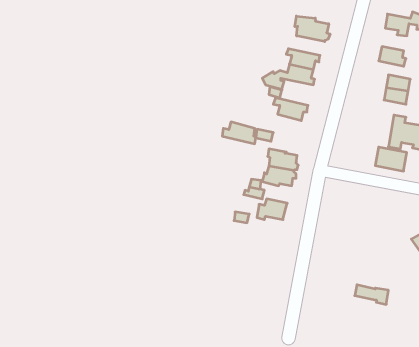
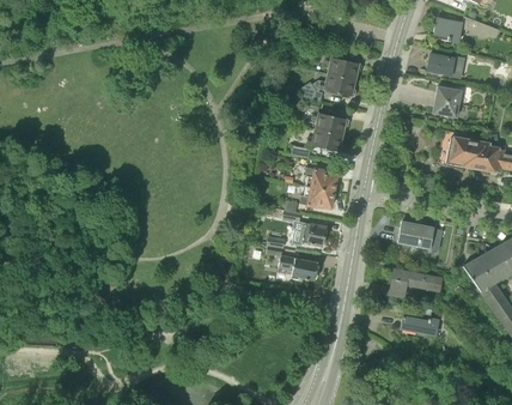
building: [295,16,330,42] -> none
building: [222,122,256,144] -> [306,128,343,152]
building: [375,147,407,171] -> [398,222,433,248]
building: none -> [266,248,318,280]
building: none -> [390,268,443,296]

